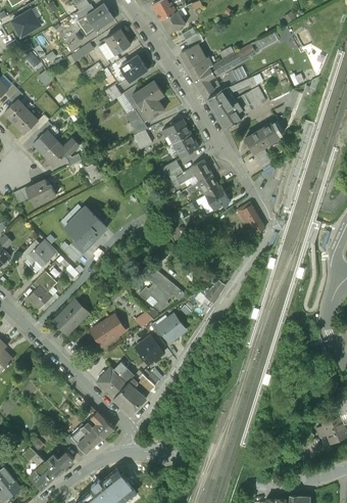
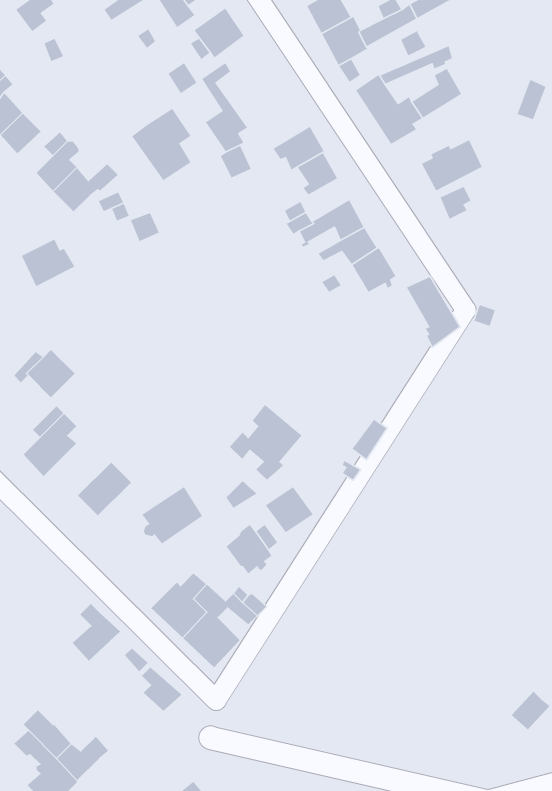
building: [132,80,164,120] -> [131,108,191,181]
building: [64,207,106,252] -> none
building: [77,422,103,454] -> [72,603,121,661]

